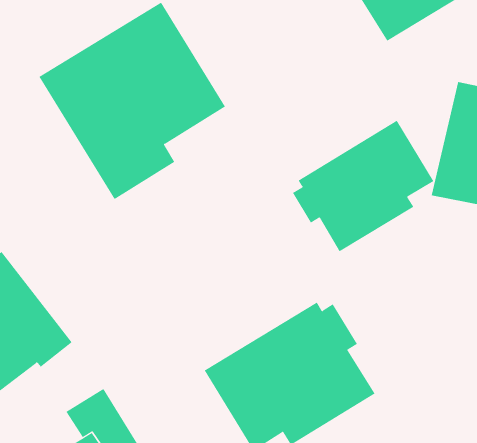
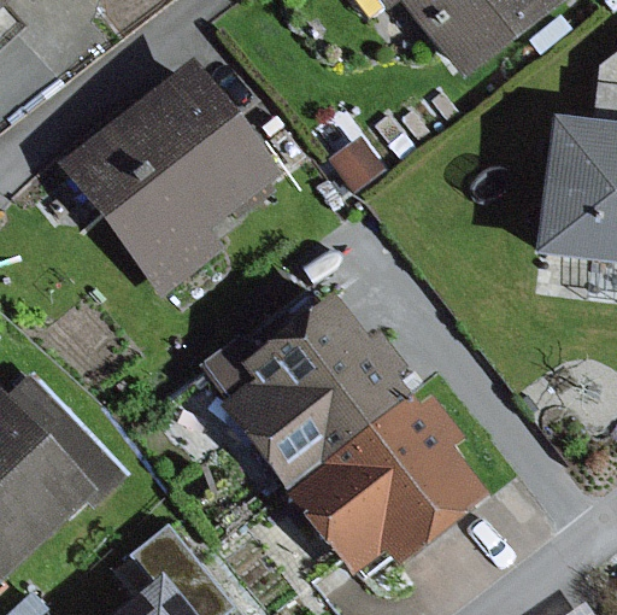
building: [292,120,434,252] -> none
building: none -> [202,286,411,487]

